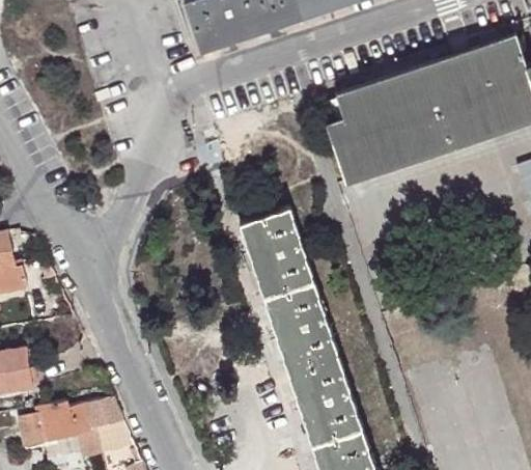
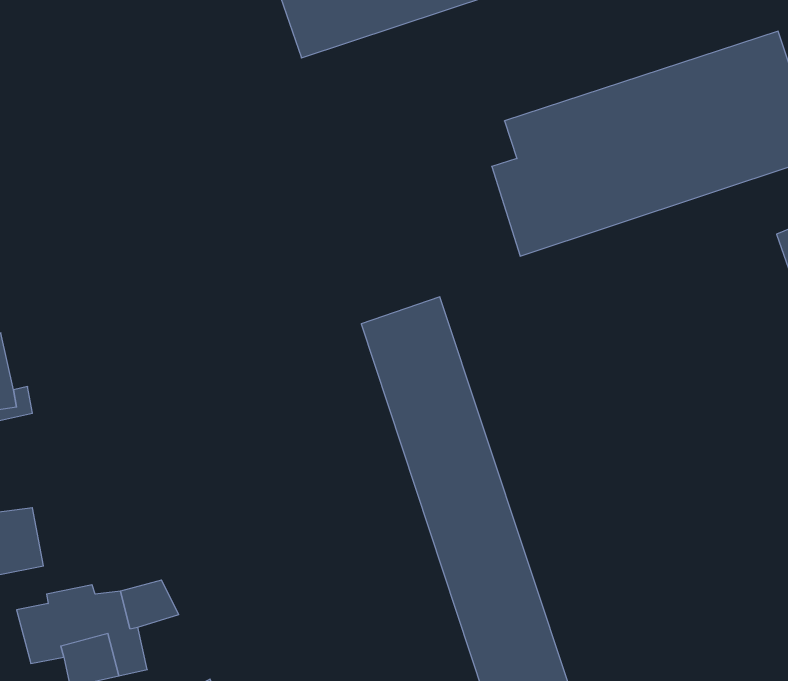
building: [93,421,133,458] -> none

